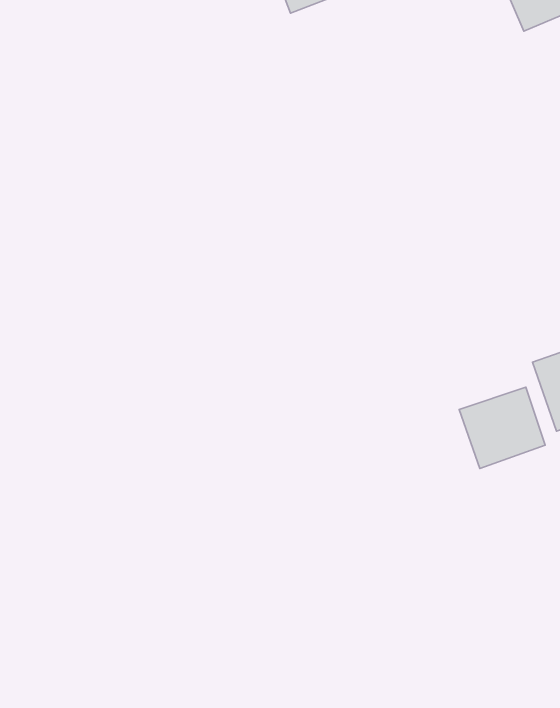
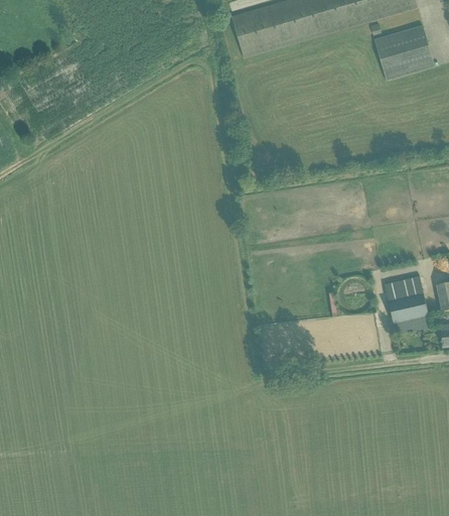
building: [459,387,545,469] -> none

